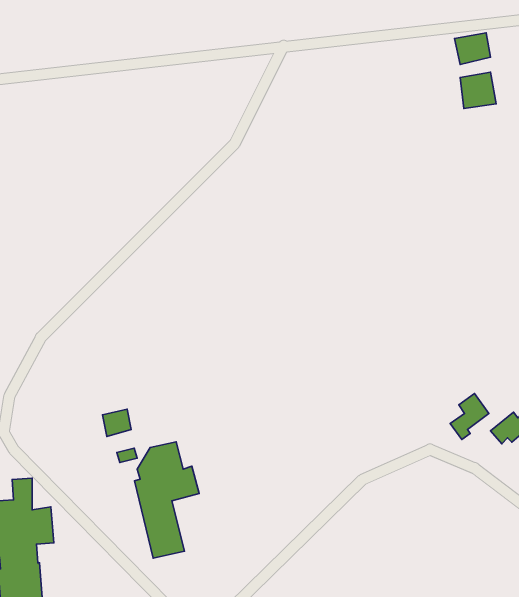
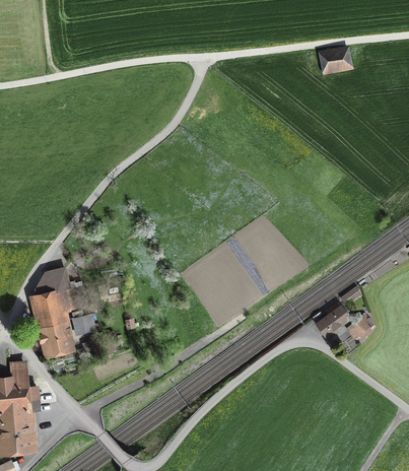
building: [460,72,496,109] -> none
building: [134,442,199,558] -> [35,270,80,352]

